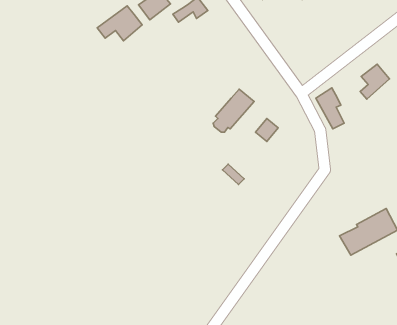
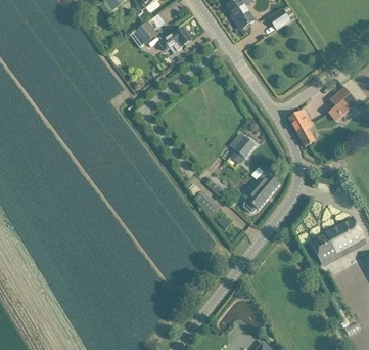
building: [97,6,142,41] -> none
building: [213,89,254,132] -> [242,172,279,211]

